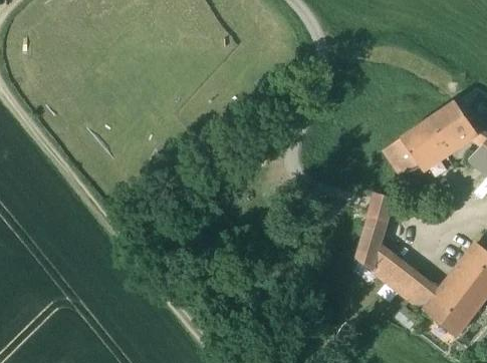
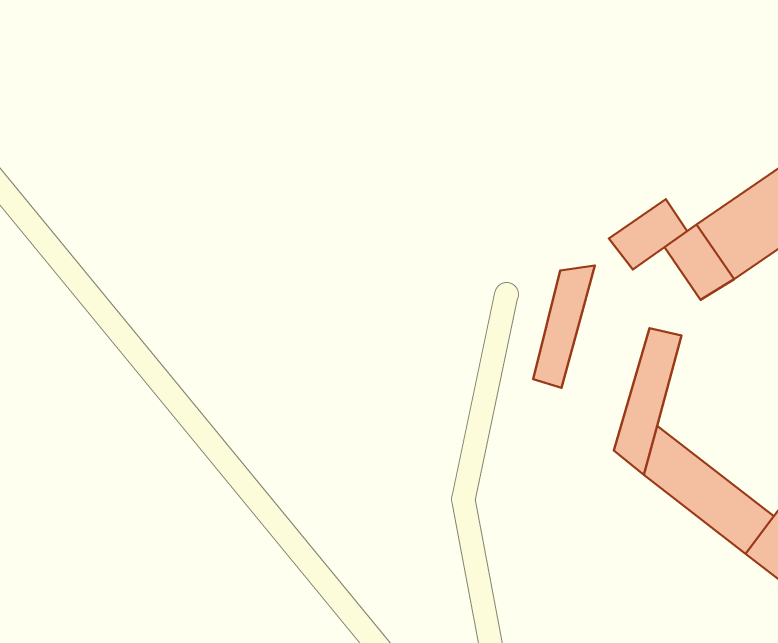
building: none -> [609,199,687,269]
building: none -> [533,265,595,388]

